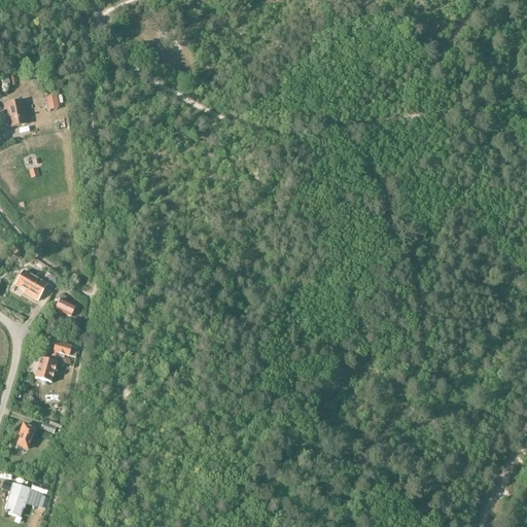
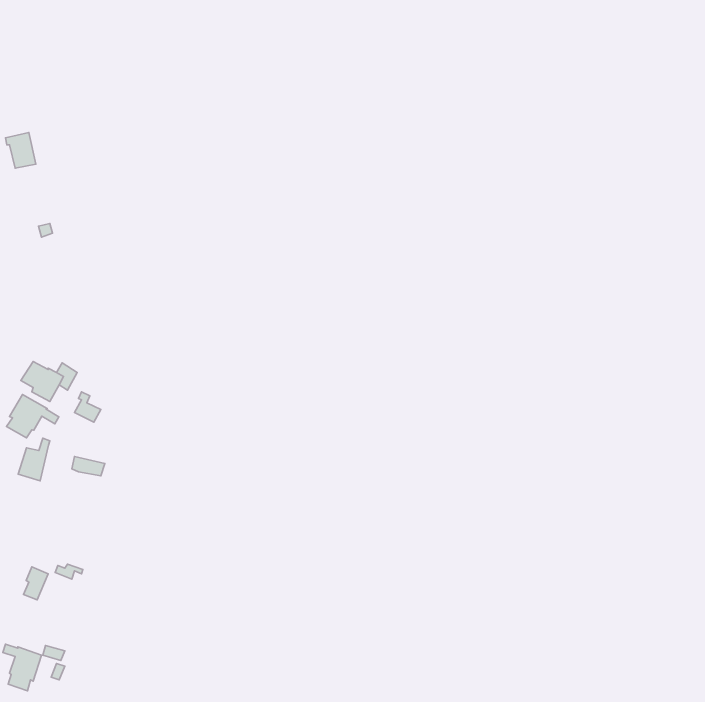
building: none -> [6,395,59,438]
building: [35,350,59,382] -> [18,438,50,481]

